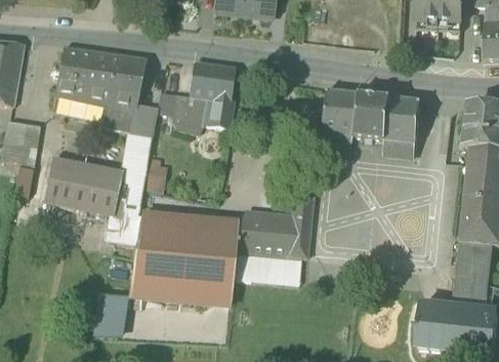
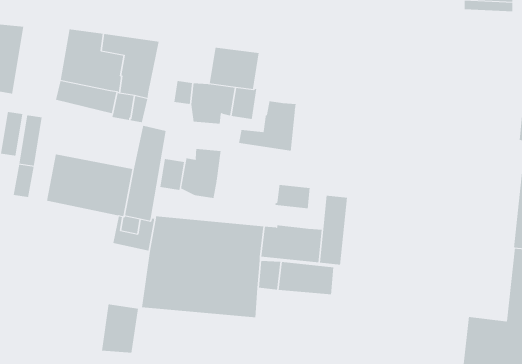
building: [319,90,420,148] -> none
building: [129,103,156,137] -> none
building: none -> [239,101,296,152]
building: none -> [181,148,221,199]
building: none -> [275,184,310,209]

